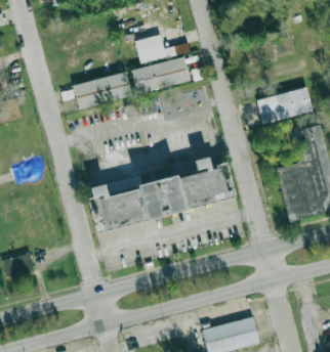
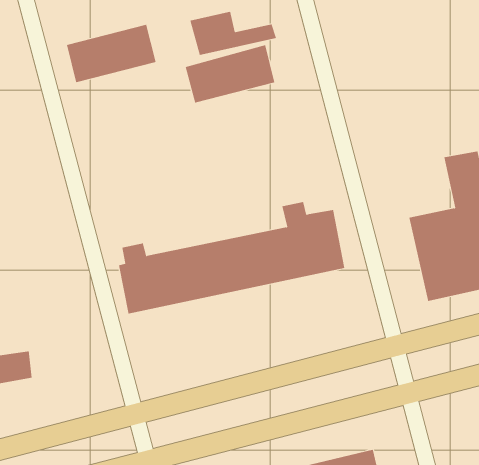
building: [74,71,132,108] -> [66,24,156,83]
building: [256,86,313,123] -> none

